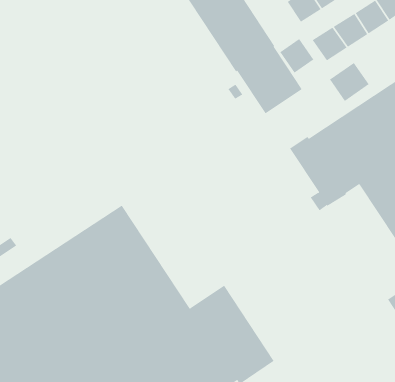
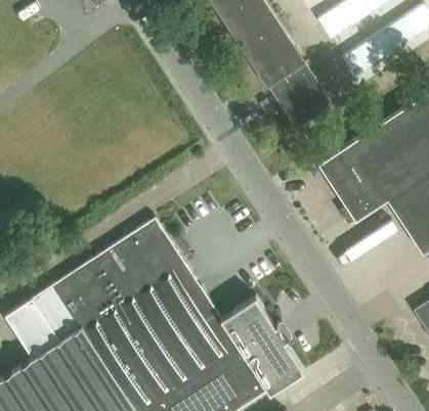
building: [280,38,314,73] -> none
building: [329,62,370,102] -> none

